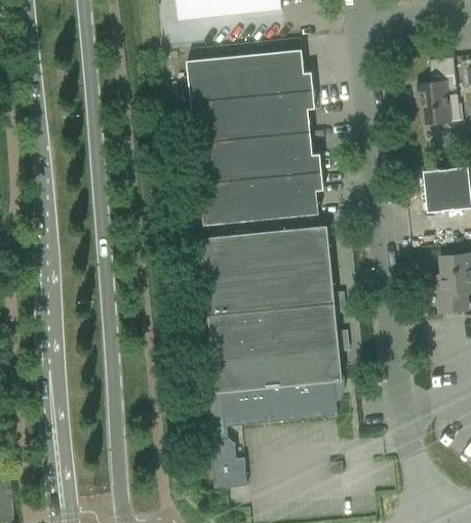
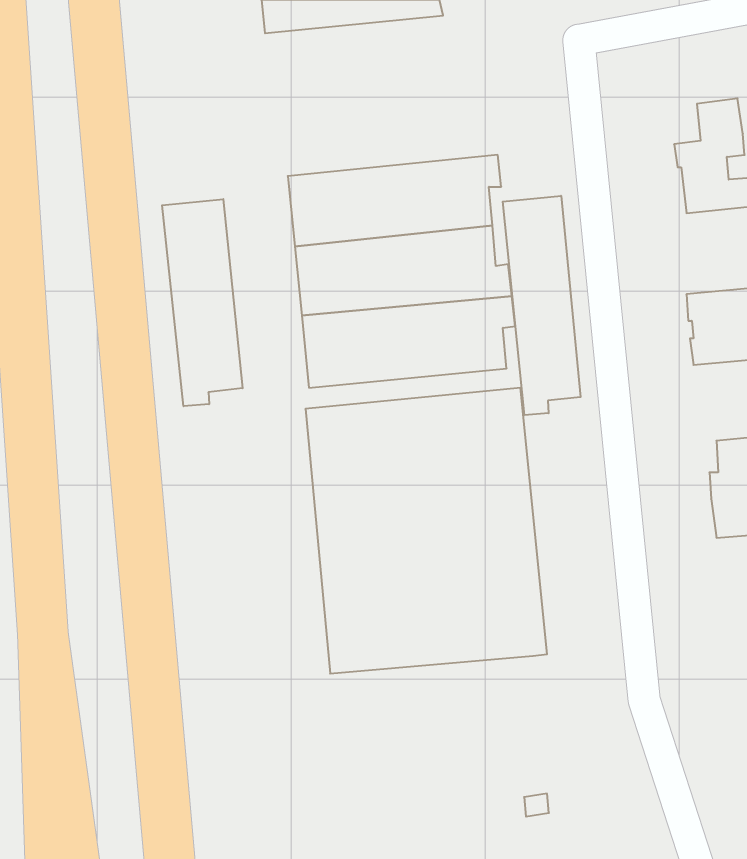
building: [187,49,313,103] -> none
building: none -> [503,196,581,415]
building: none -> [162,199,243,406]
building: [205,381,337,489] -> none

